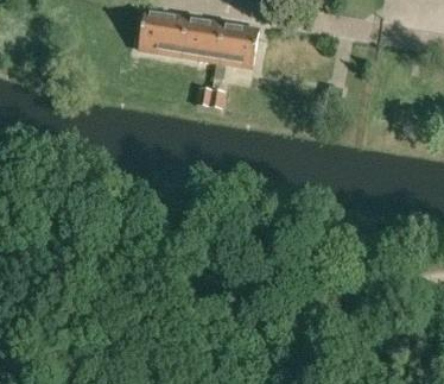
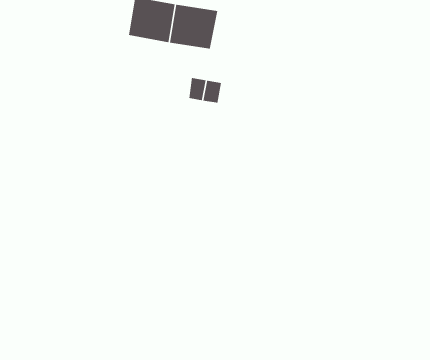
building: [214,20,259,63] -> none

